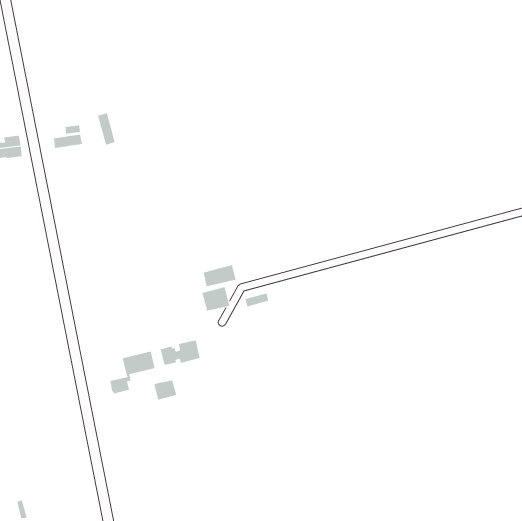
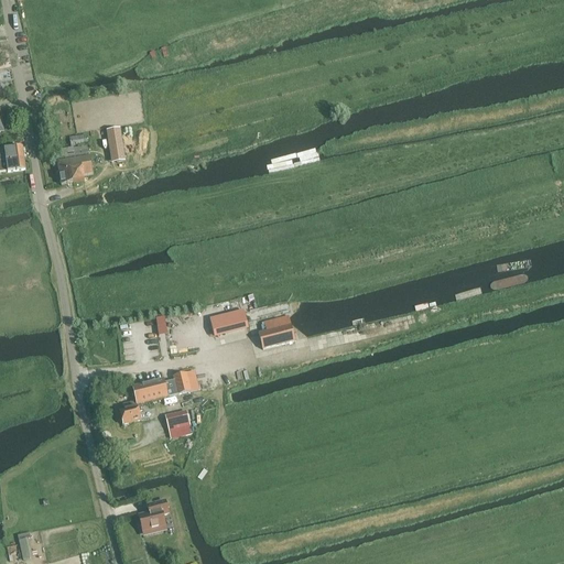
building: none -> [56,155,93,184]
building: [203,264,237,287] -> [258,324,294,348]
building: none -> [138,500,167,532]

